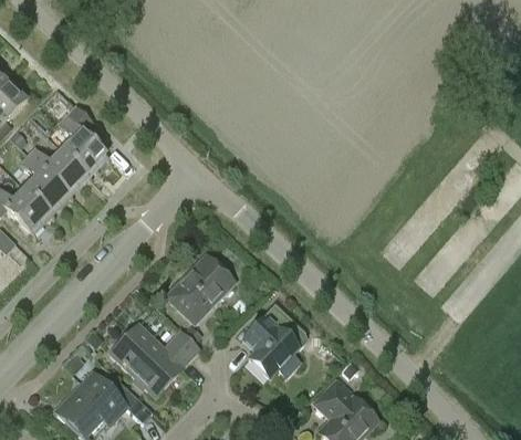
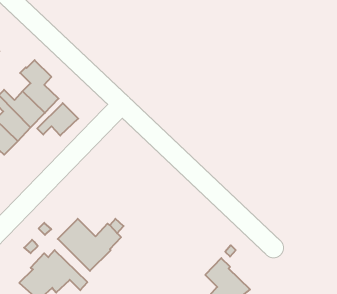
building: none -> [37,103,78,136]
building: [168,255,231,322] -> none
building: [240,304,302,379] -> none

